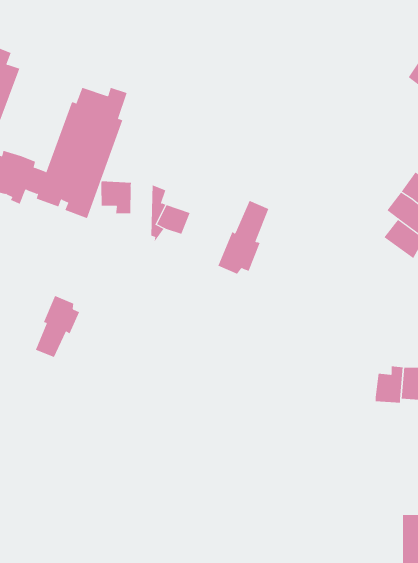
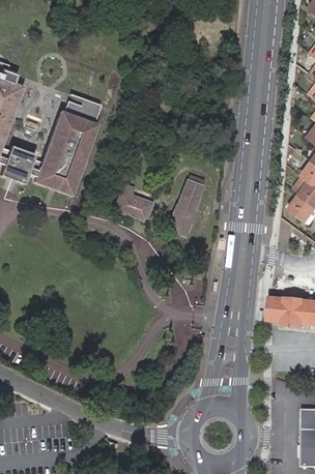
building: [101,181,132,214] -> none
building: [35,295,80,358] -> none
building: none -> [268,299,293,324]

